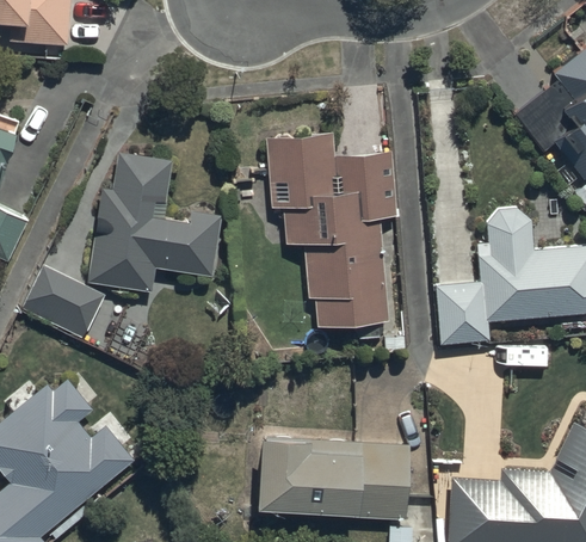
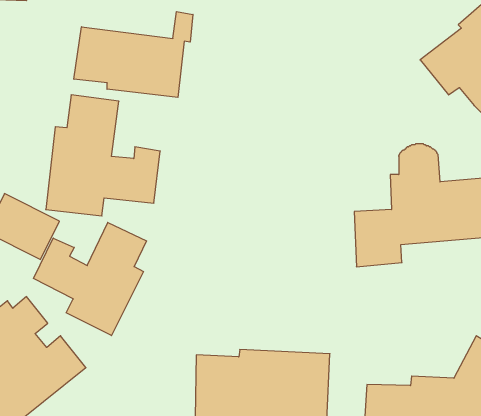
building: none -> [74,12,193,97]
building: [264,134,397,328] -> none
building: none -> [33,222,147,336]

